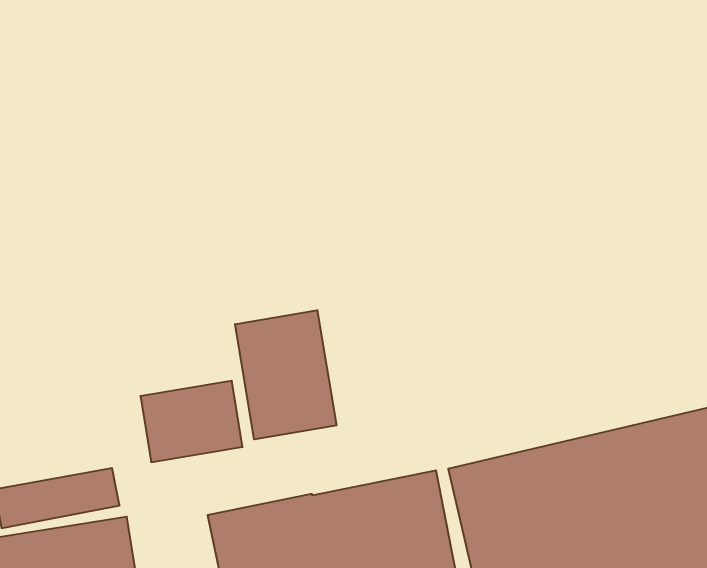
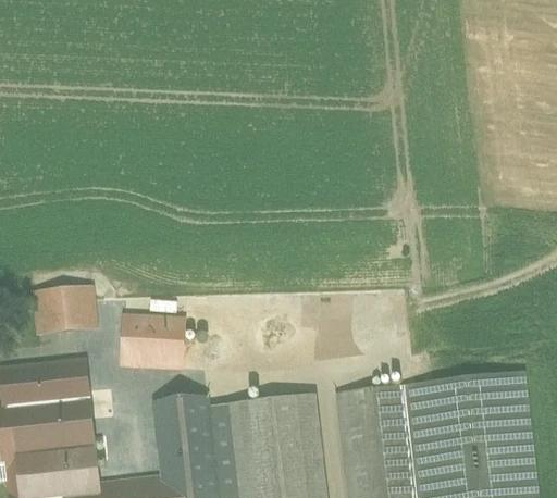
building: [235,310,336,439] -> none
building: none -> [30,287,90,333]

